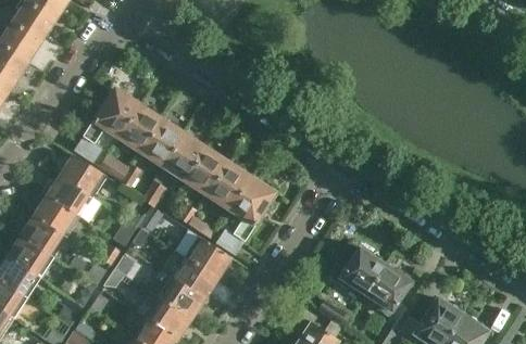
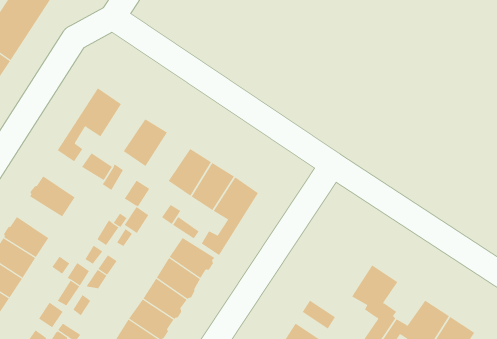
building: [116,105,160,152] -> none
building: [161,133,204,181] -> none
building: [59,156,104,198] -> none
building: [33,196,78,238] -> none
building: [326,247,385,295] -> none

